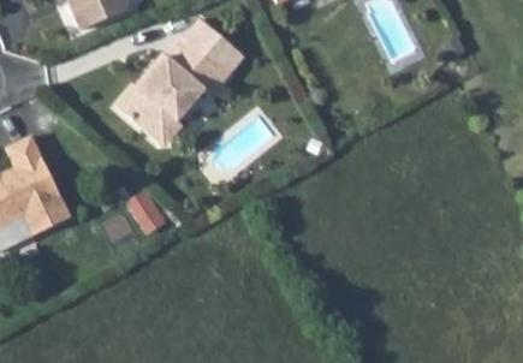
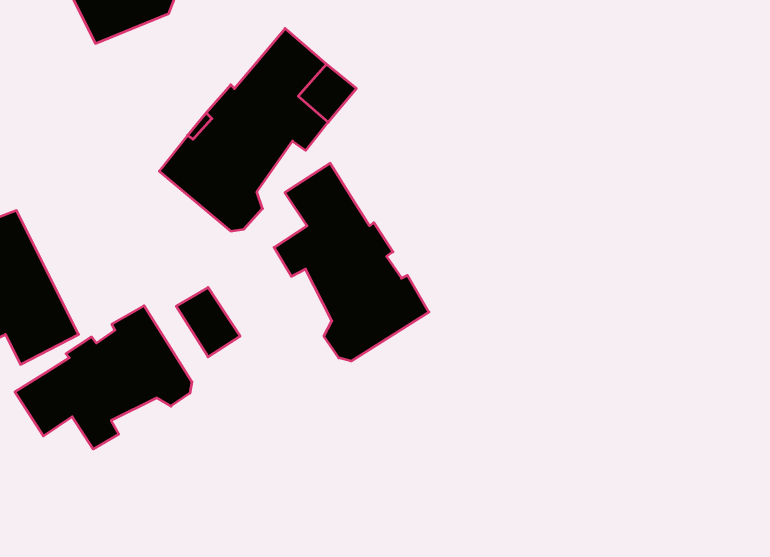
building: none -> [274,163,429,361]
building: none -> [15,306,192,449]

